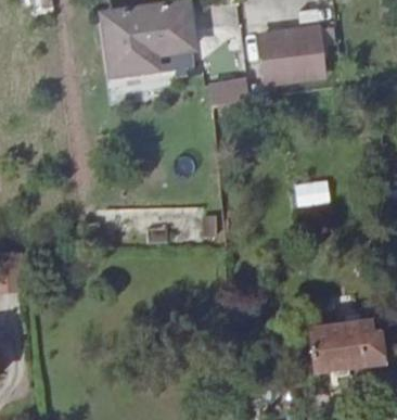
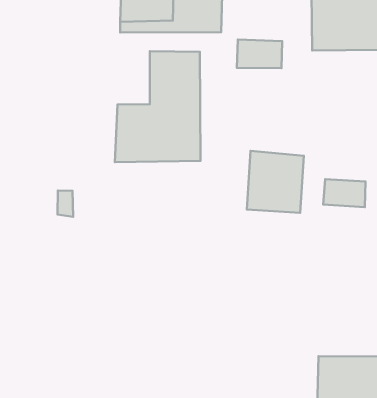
building: none -> [115,51,200,162]
building: none -> [247,151,304,213]

